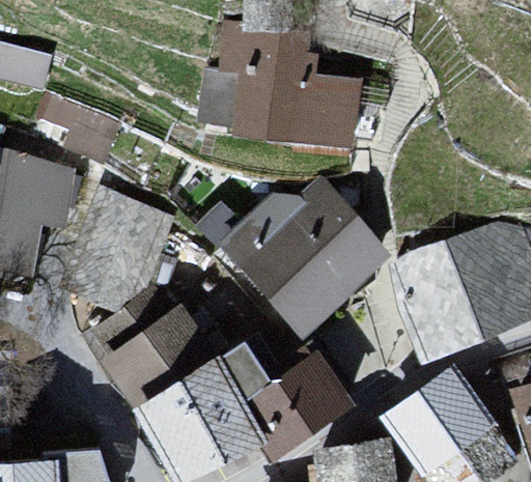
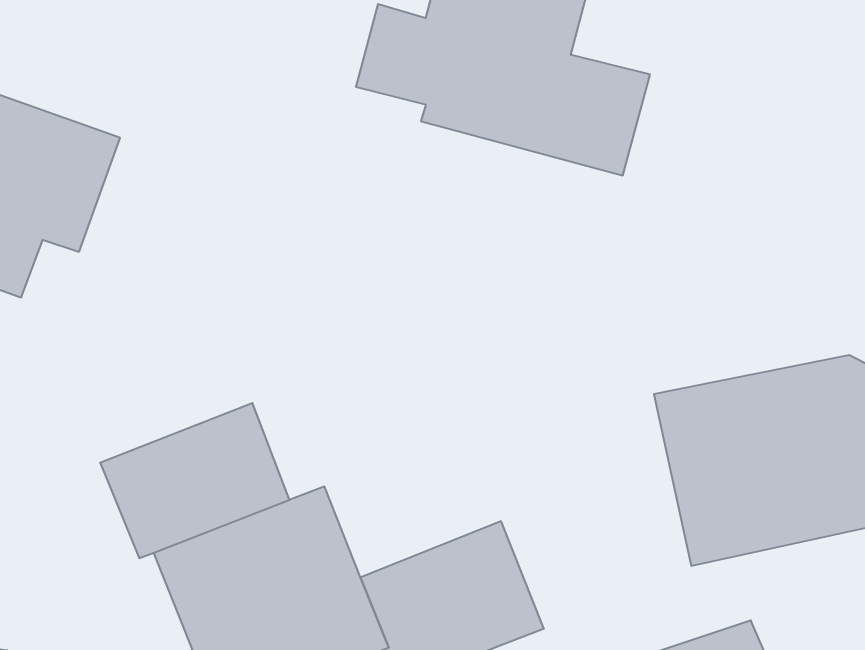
building: [235,177,383,321] -> none
building: [61,199,170,316] -> none

